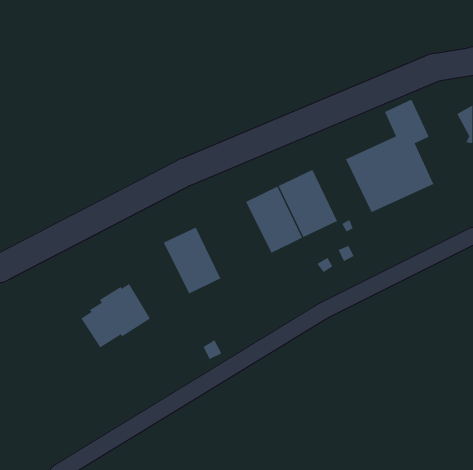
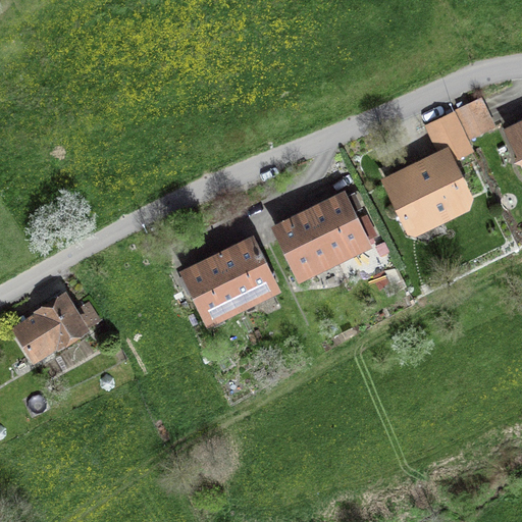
building: none -> [456,97,495,140]
building: none -> [216,234,281,310]
building: [81,283,151,348] -> [12,291,90,362]

